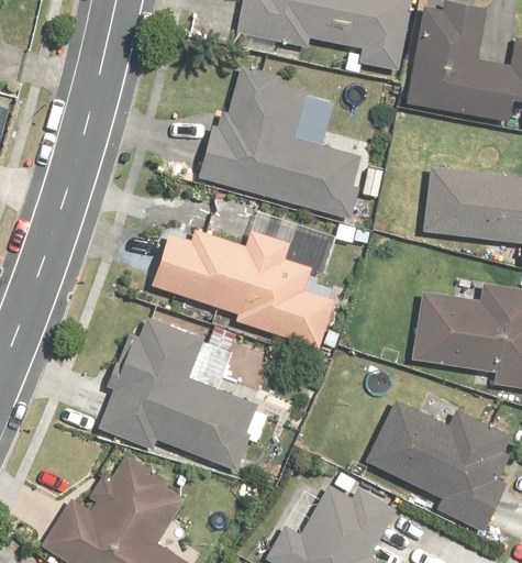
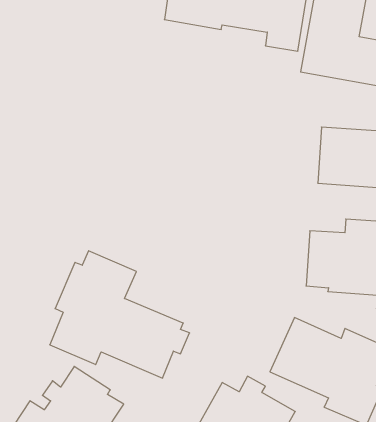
building: [199,64,360,219] -> none
building: [153,225,360,351] -> none

